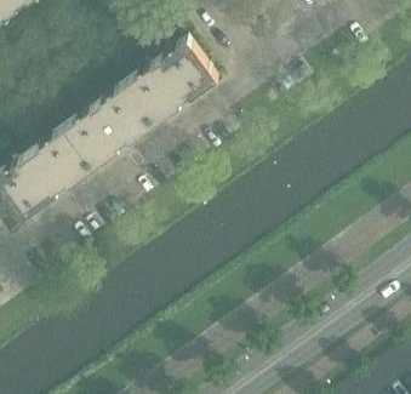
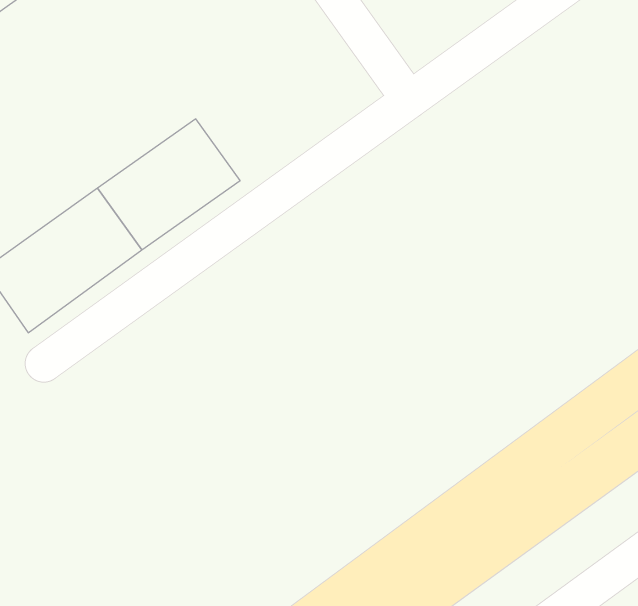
building: [126,40,216,124] -> none

